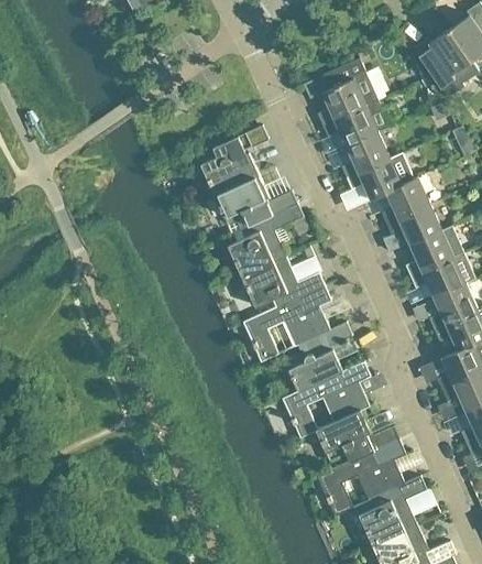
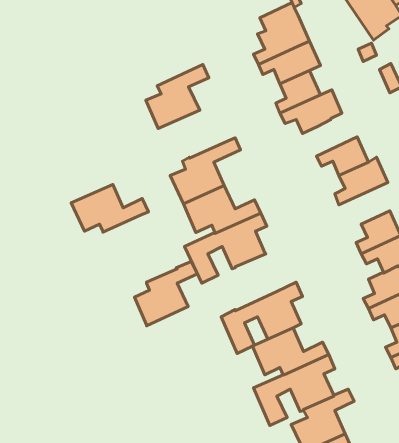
building: [215,175,298,227] -> [71,184,148,232]
building: [382,177,430,225] -> none
building: [410,253,465,299] -> none
building: [285,323,353,392] -> [134,262,197,326]

